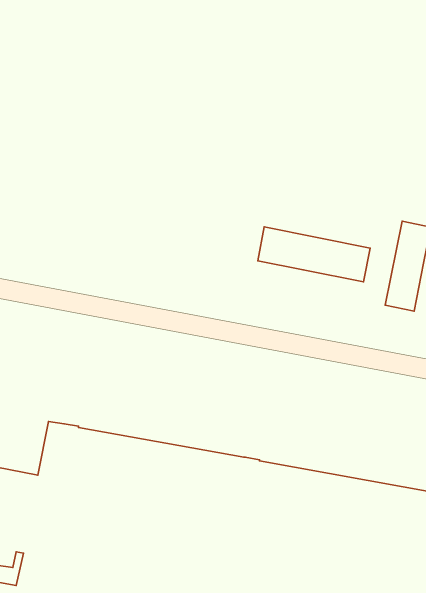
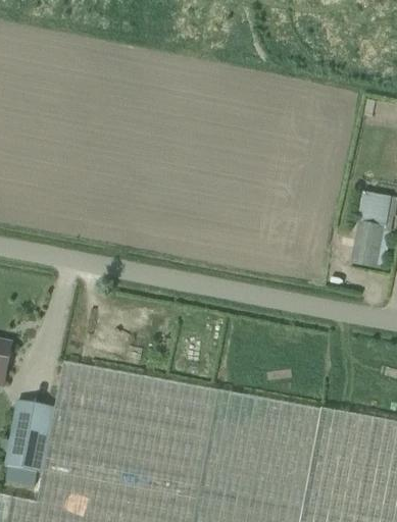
building: [258,227,370,282] -> none

